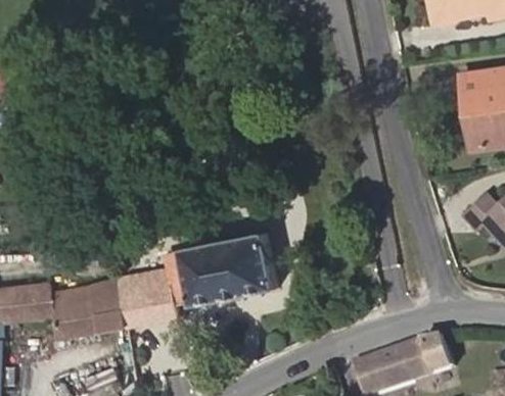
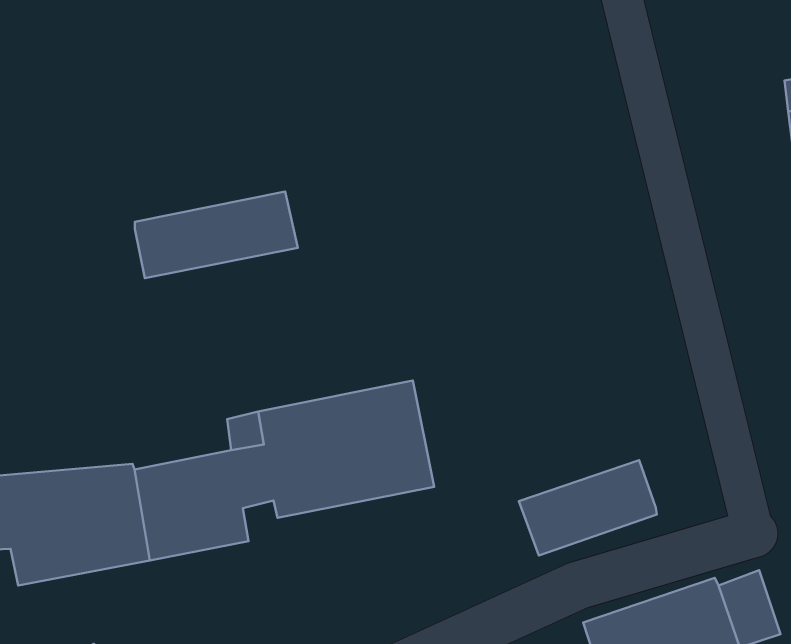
building: none -> [135,191,298,278]
building: none -> [519,460,657,556]

